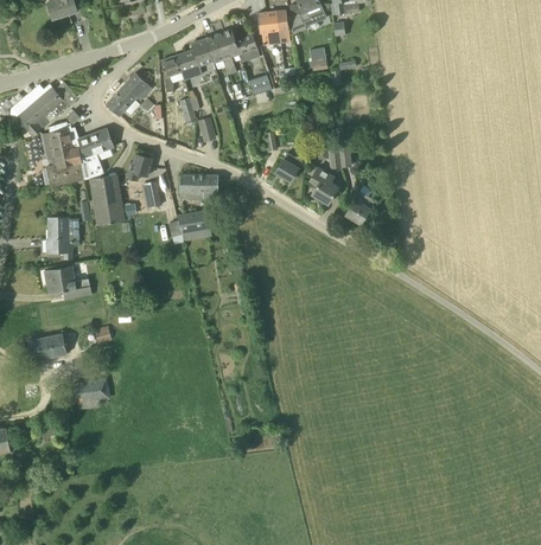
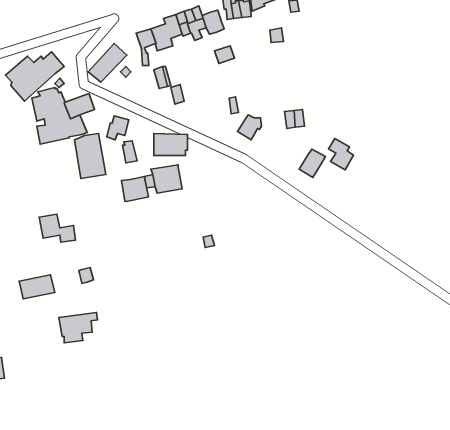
building: [308,168,337,204] -> [329,138,354,170]
building: [40,218,77,258] -> none
building: none -> [121,177,148,202]

